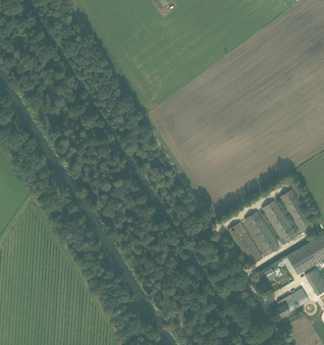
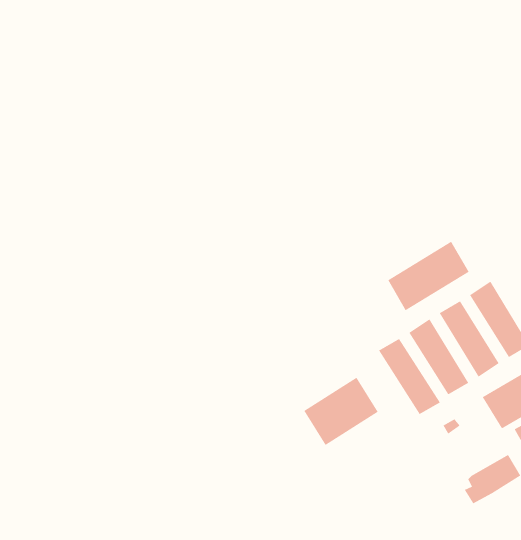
building: none -> [387,241,469,311]
building: none -> [304,377,378,446]

